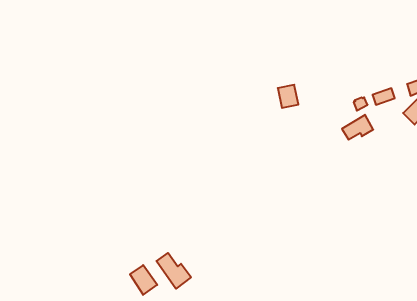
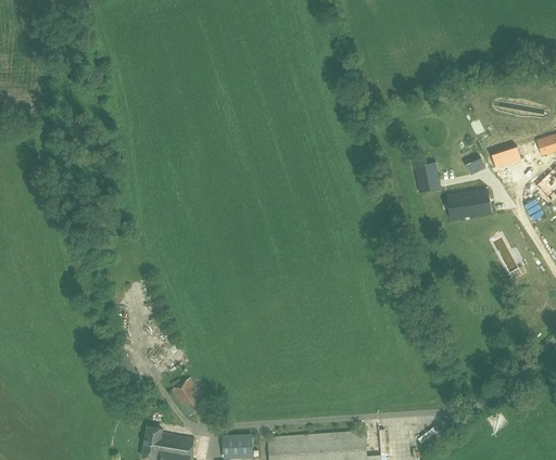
building: [278,85,298,108] -> [414,163,441,193]
building: [156,253,191,289] -> none

